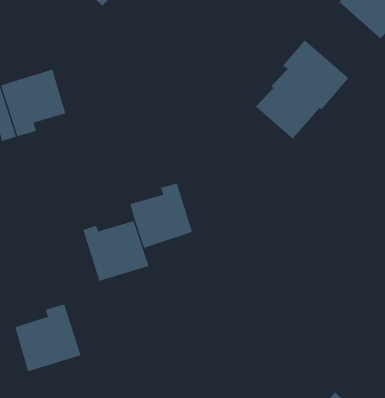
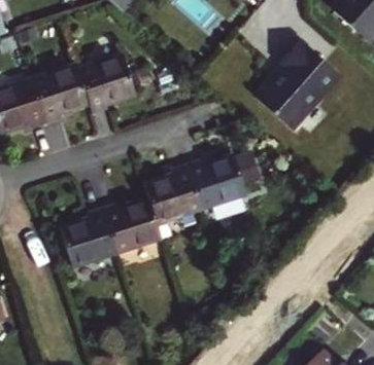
building: none -> [81,56,139,114]
building: none -> [190,156,248,209]
building: [14,304,81,372] -> [62,207,121,266]

